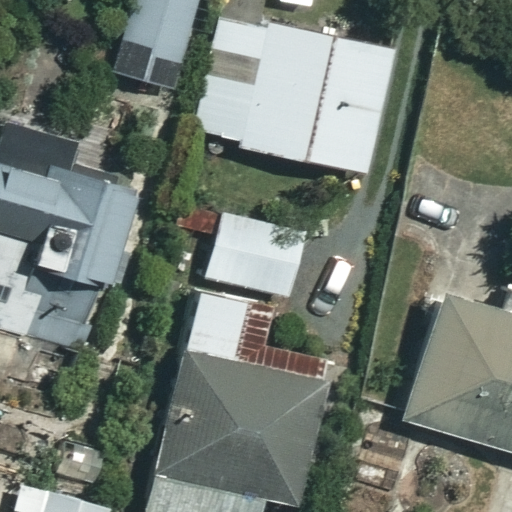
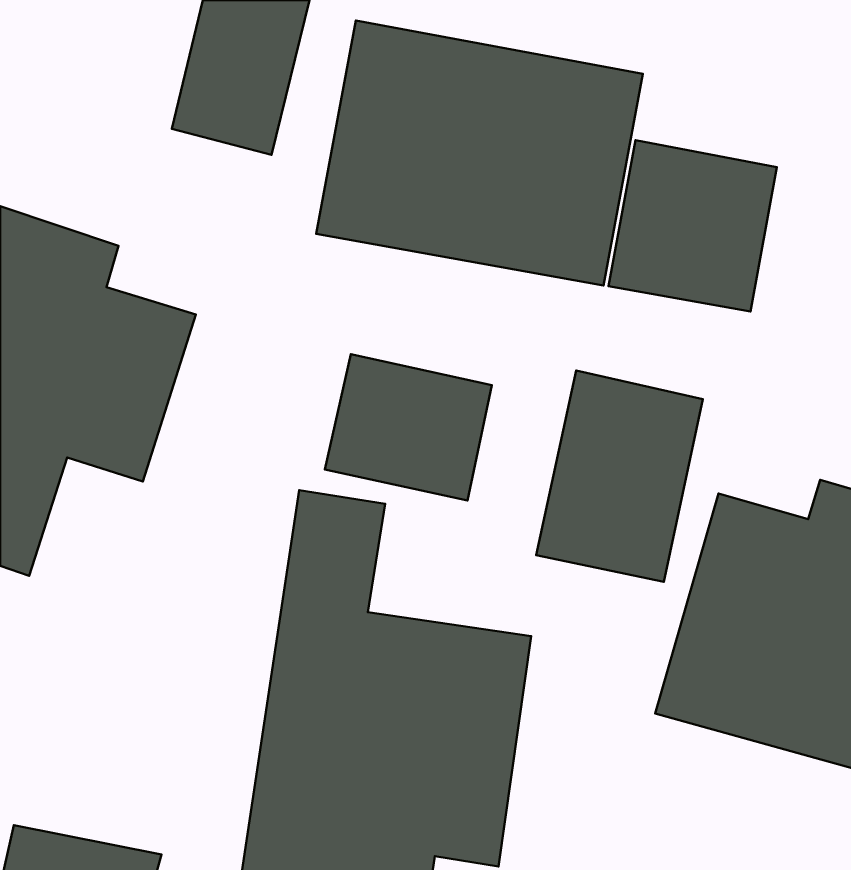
building: none -> [608,140,777,312]
building: none -> [536,370,703,582]

